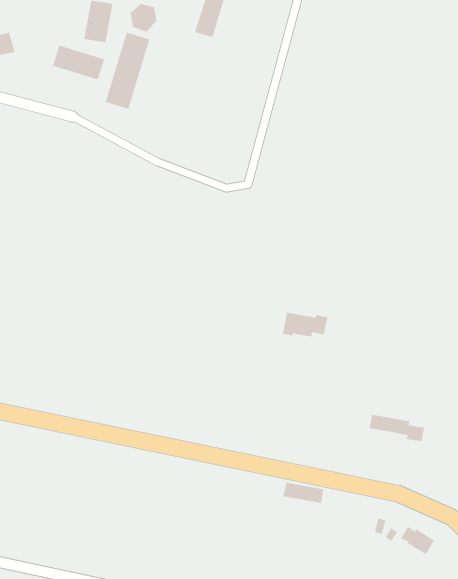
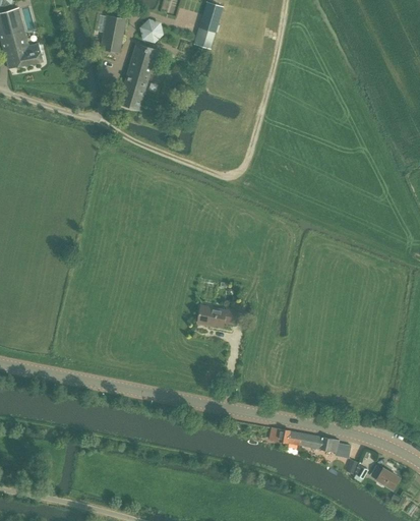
building: [52,45,105,80] -> none
building: [282,312,328,337] -> [197,304,237,326]
building: [369,414,425,441] -> [303,433,351,457]

